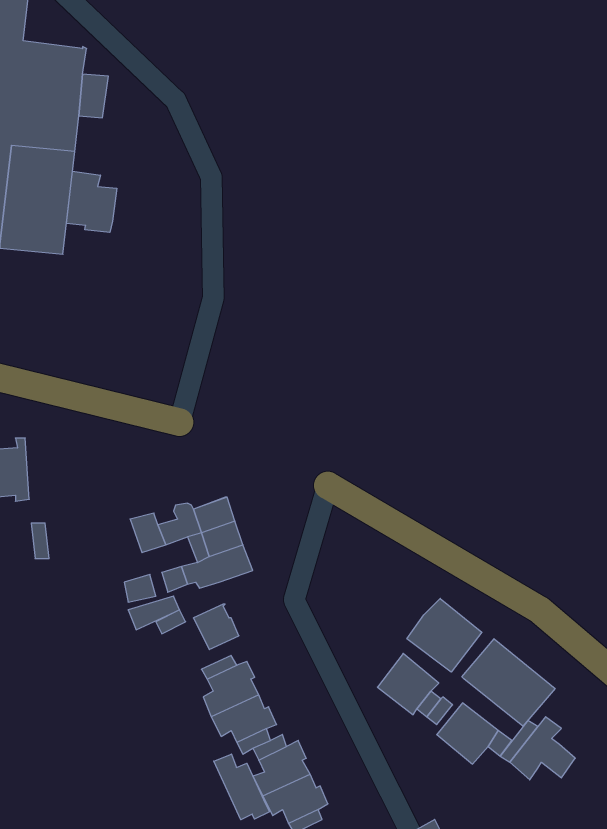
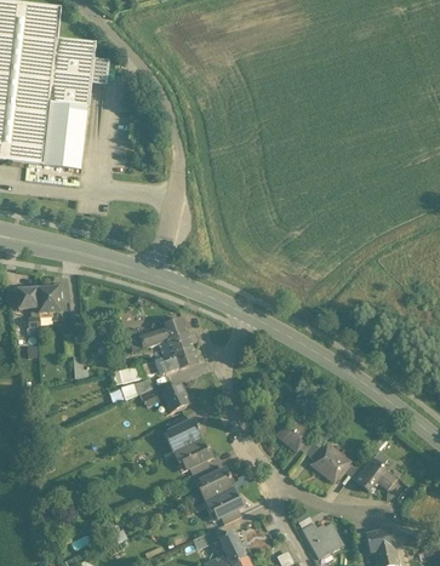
building: [66,171,117,232] -> none
building: [407,598,482,672] -> none
building: [462,639,555,726] -> none
building: [214,754,270,820] -> none

